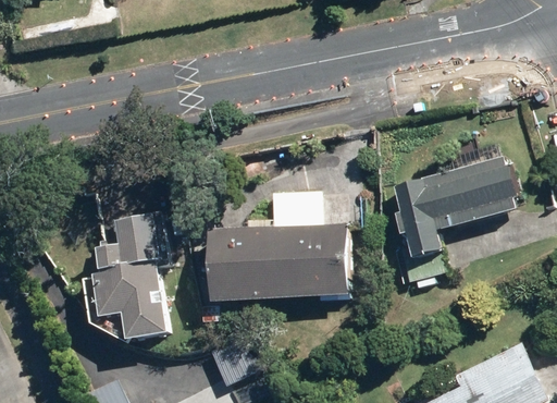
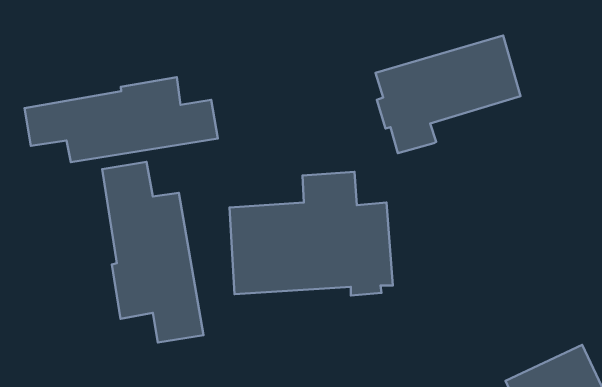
building: none -> [24,77,218,162]
building: [383,154,510,257] -> [376,36,520,153]

